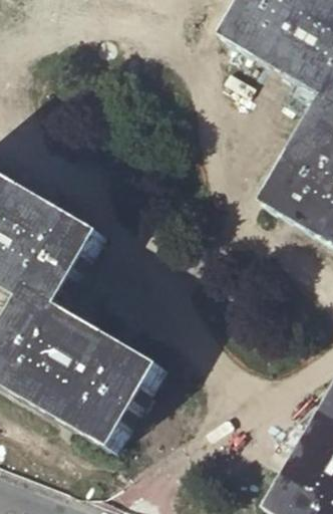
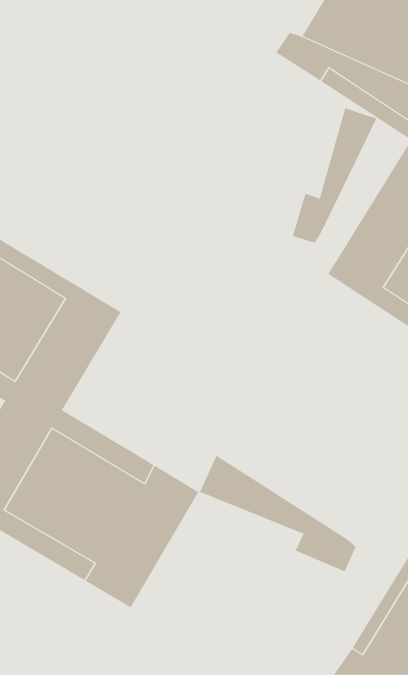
building: none -> [292,108,377,243]
building: none -> [199,455,356,572]

